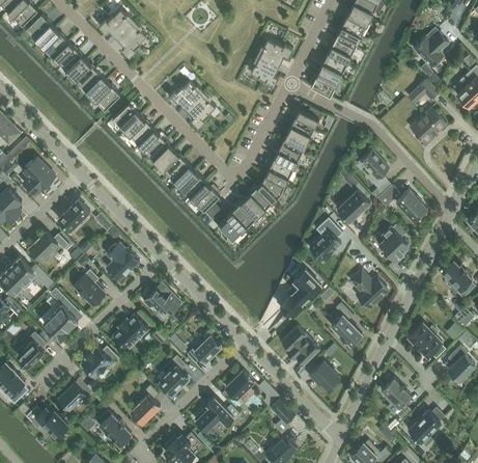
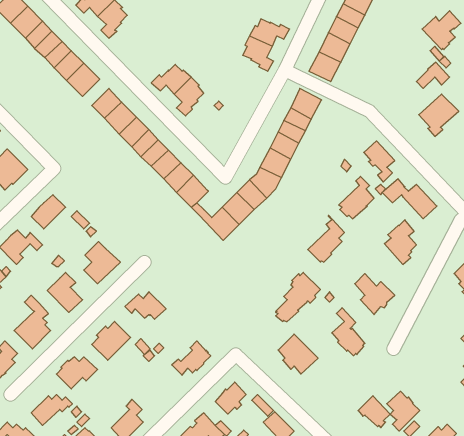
building: [407,323,444,358] -> none
building: [154,355,189,394] -> none
building: [309,361,338,390] -> [358,396,390,428]

